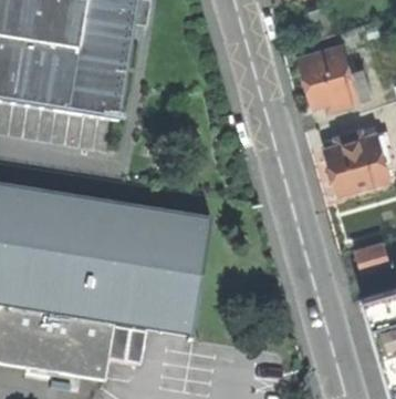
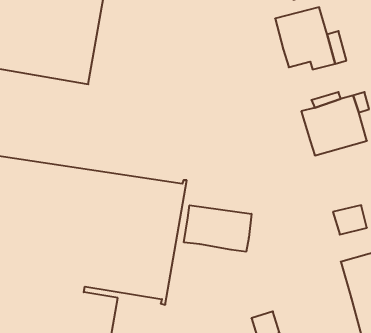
building: none -> [184,205,251,252]

